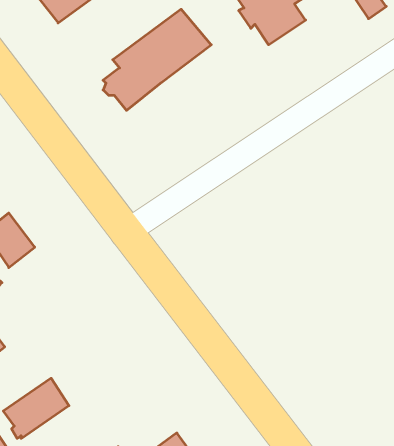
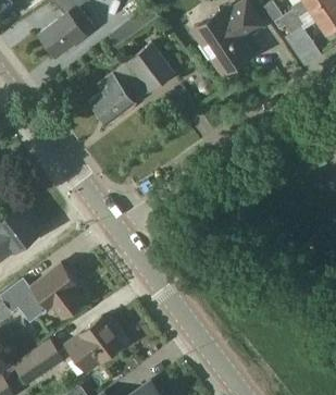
building: none -> [18,263,77,319]
building: none -> [64,318,121,375]

